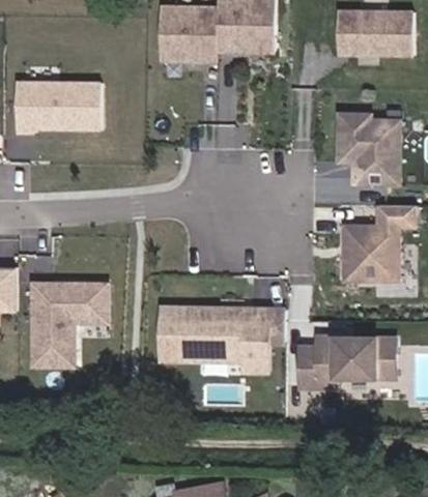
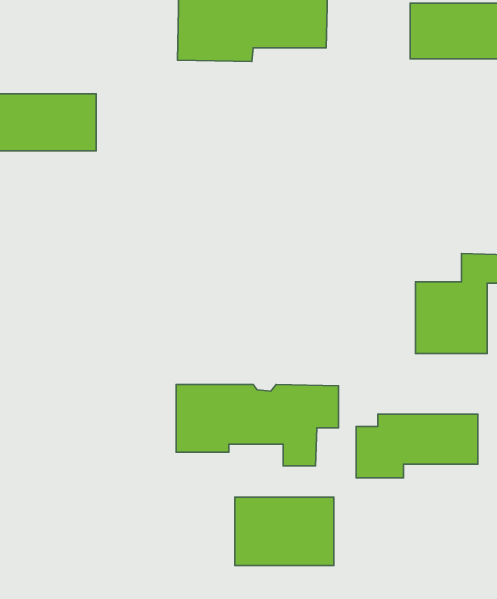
building: [338,113,399,183] -> none
building: [30,283,106,368] -> none
building: none -> [235,497,334,565]

